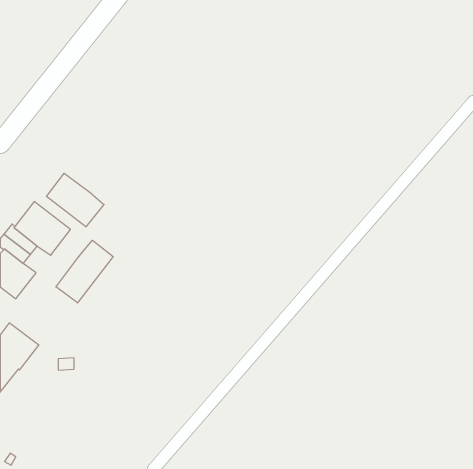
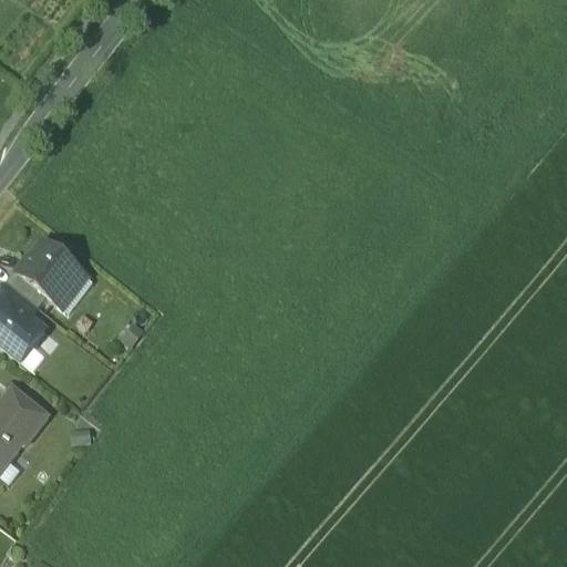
building: [47,173,104,227] -> none
building: [56,240,113,303] -> none

